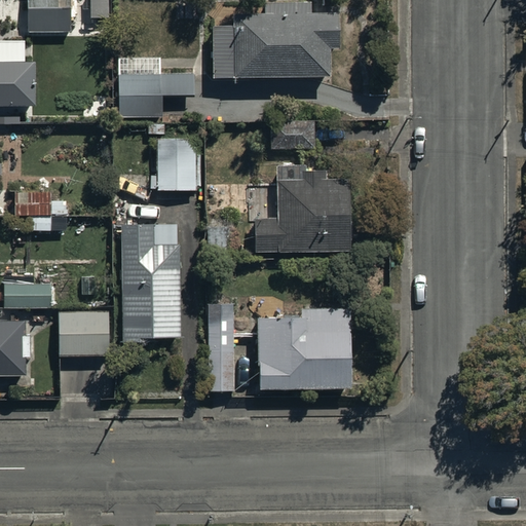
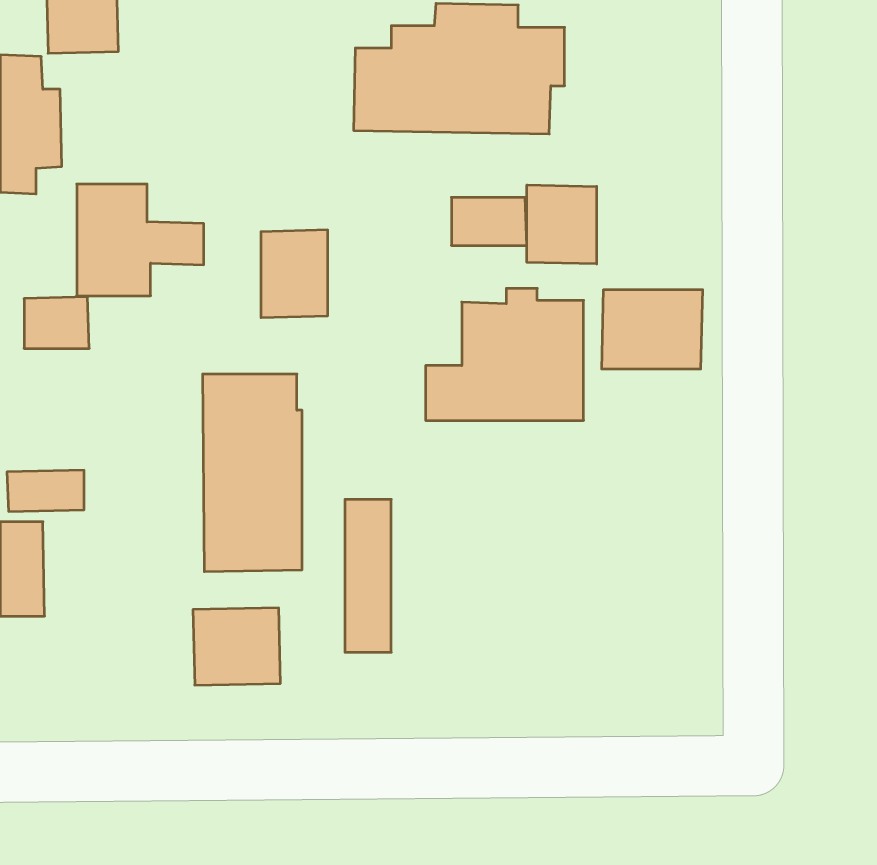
building: [118,48,194,115] -> [77,184,204,296]
building: none -> [527,185,597,264]
building: none -> [602,290,703,369]
building: [58,309,110,355] -> [193,608,280,685]
building: [258,310,350,390] -> none

